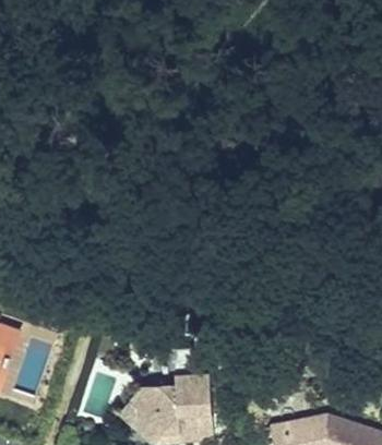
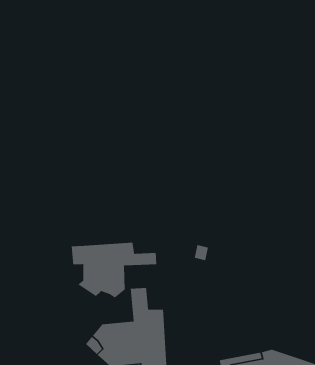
building: none -> [71,242,157,299]

